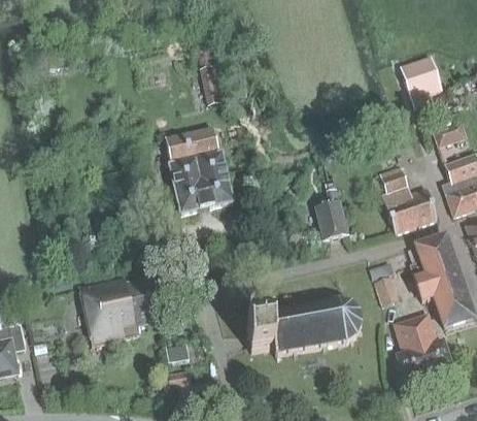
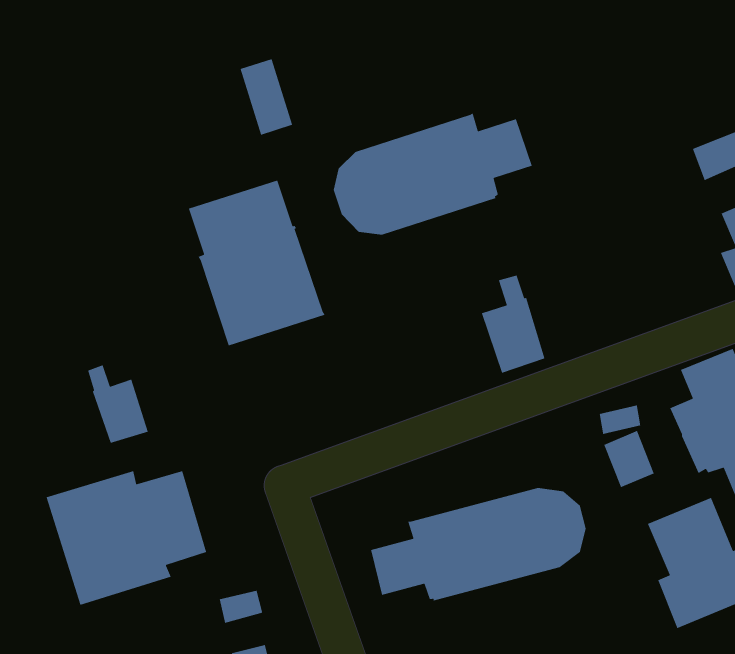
building: [401,56,442,97] -> none
building: none -> [333,112,533,236]
building: [380,165,437,233] -> none
building: none -> [87,364,149,444]

